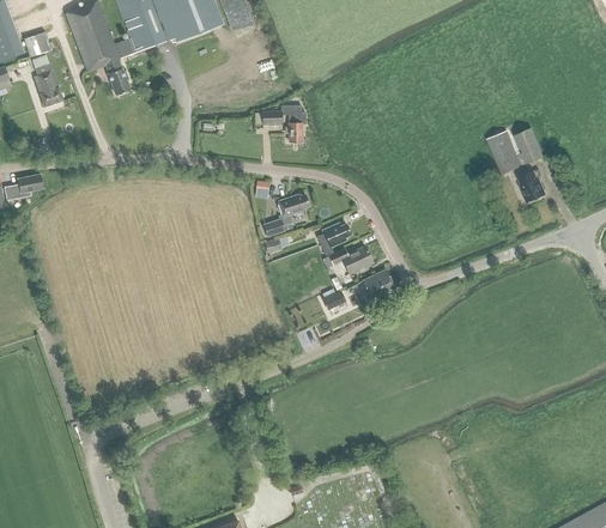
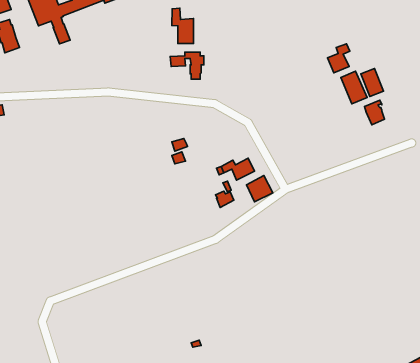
building: none -> [172,8,194,44]
building: none -> [327,44,350,73]
building: [279,194,309,224] -> none
building: [317,223,351,255] -> none

